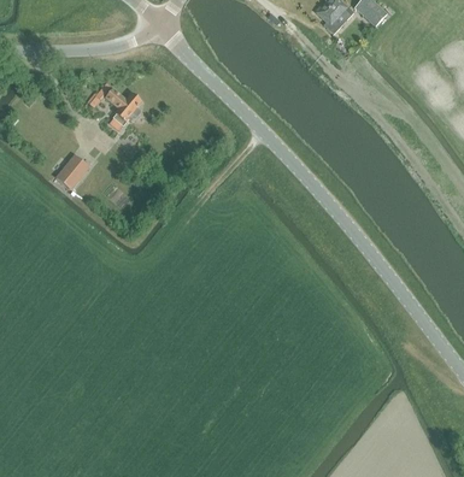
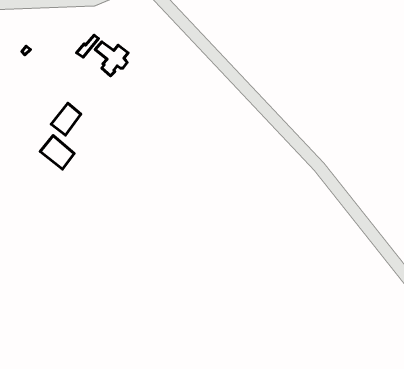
building: none -> [40,135,74,169]

